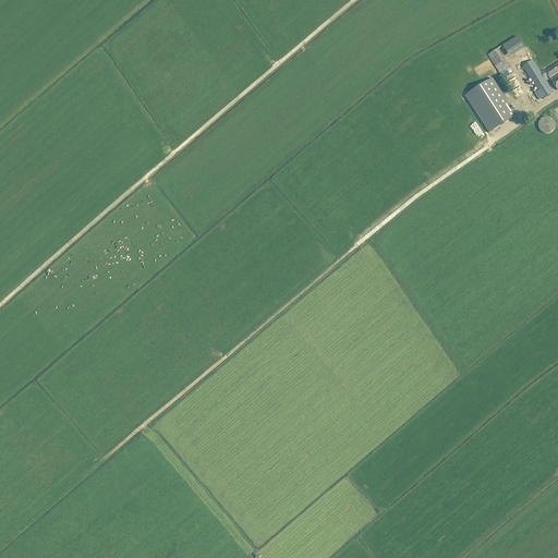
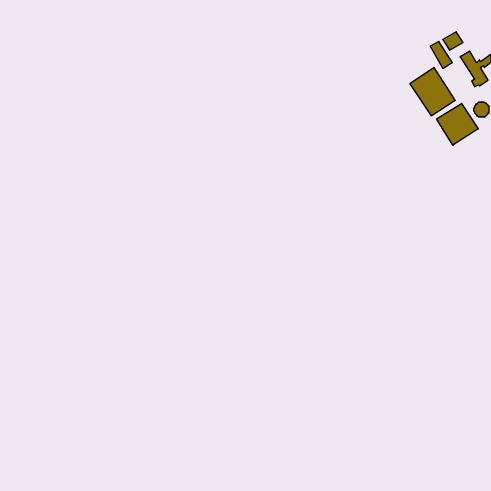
building: none -> [437,103,478,145]

